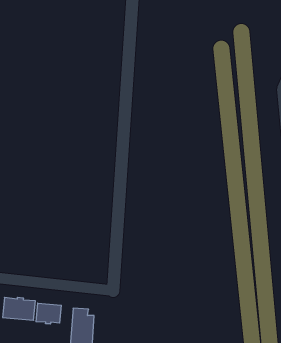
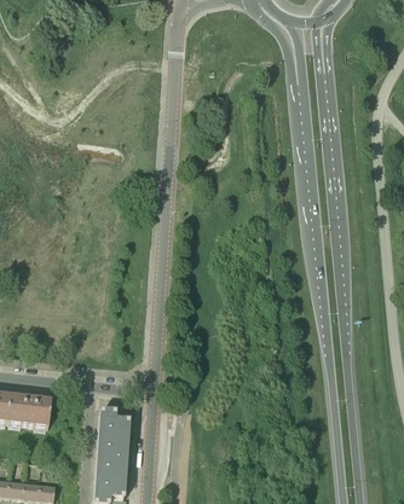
building: [36,303,61,324] -> none

